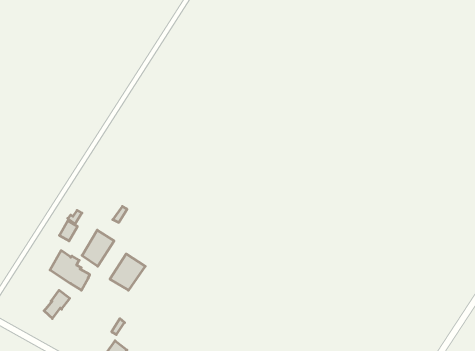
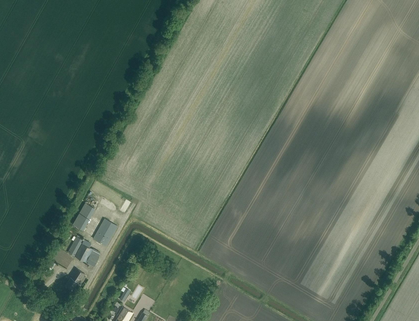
building: [110,254,145,290] -> none

